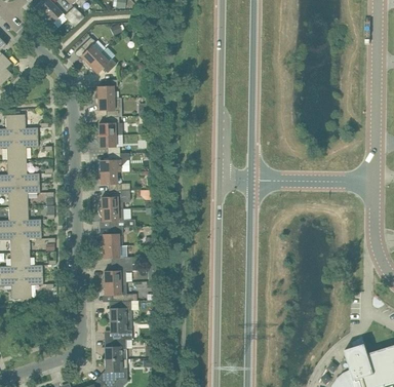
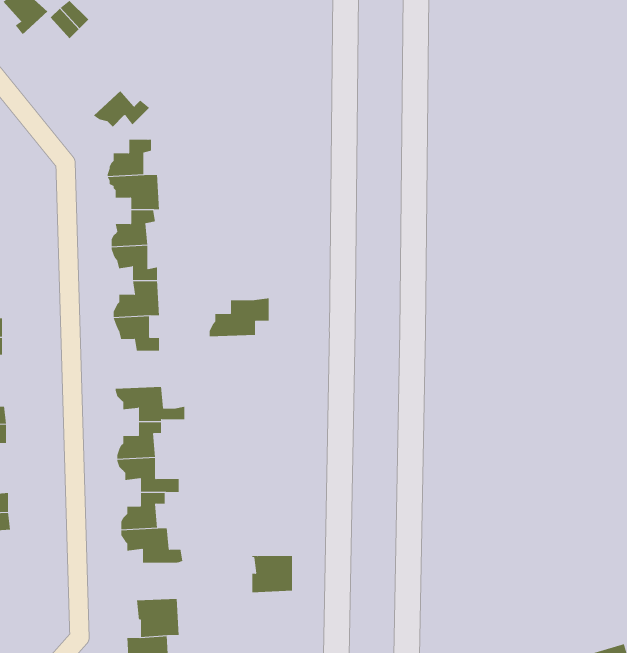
building: [80,38,106,68] -> none
building: [97,190,129,210] -> [209,298,270,337]
building: [109,302,130,321] -> [252,556,293,593]

